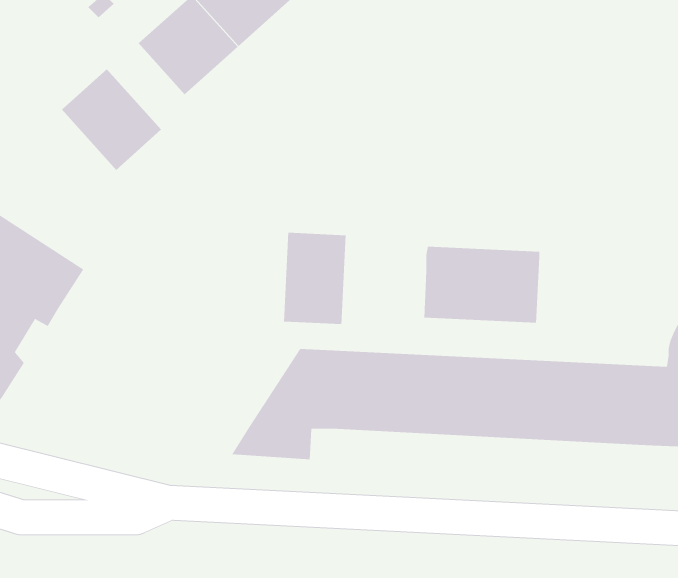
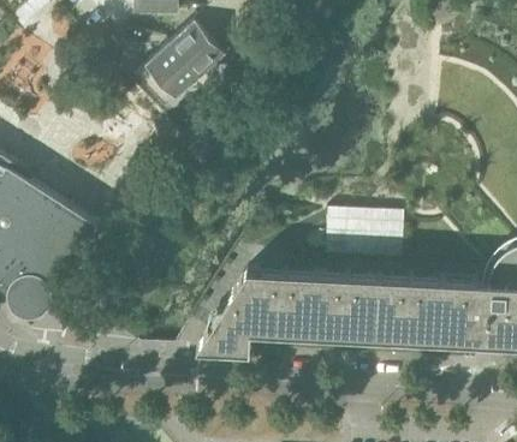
building: [61,68,162,171] -> none
building: [283,232,346,325] -> none

